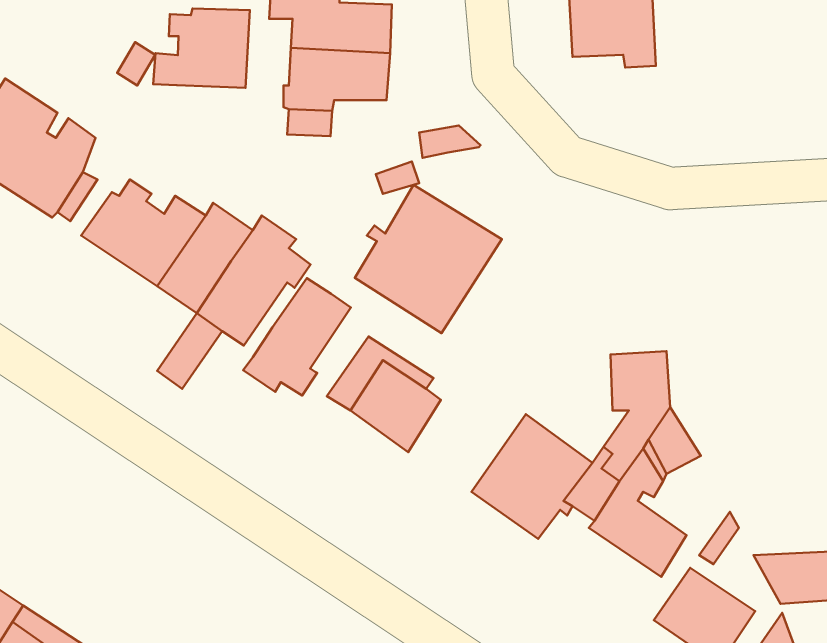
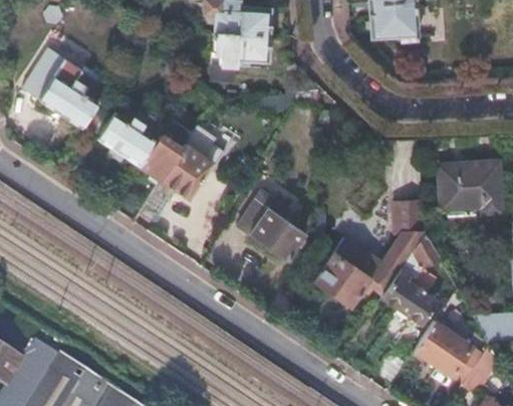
building: [153,8,250,88] -> none
building: [355,185,502,333] -> none
building: [243,278,351,395] -> none
building: none -> [440,164,501,214]

